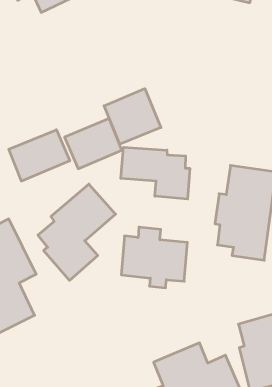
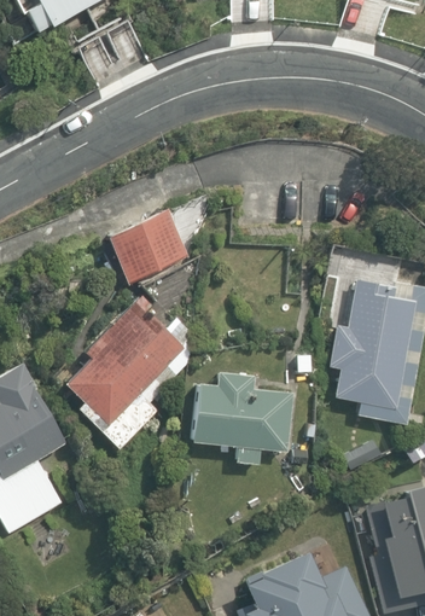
building: [104,89,161,144] -> none
building: [9,130,70,181] -> none
building: [121,147,190,199] -> none

